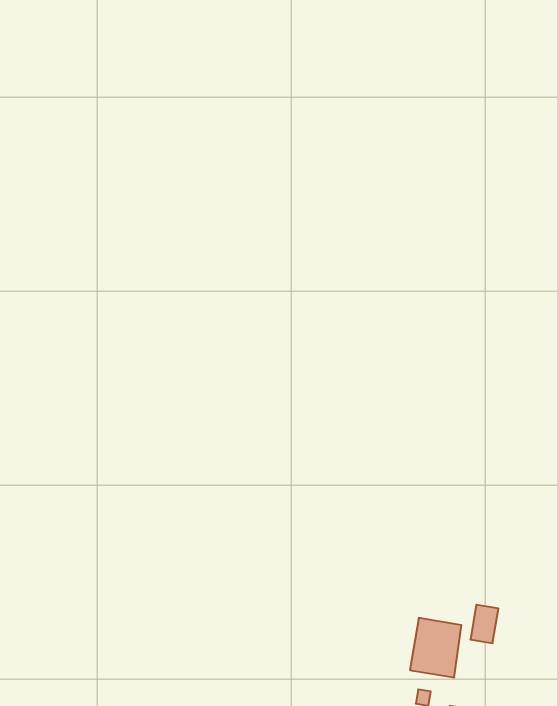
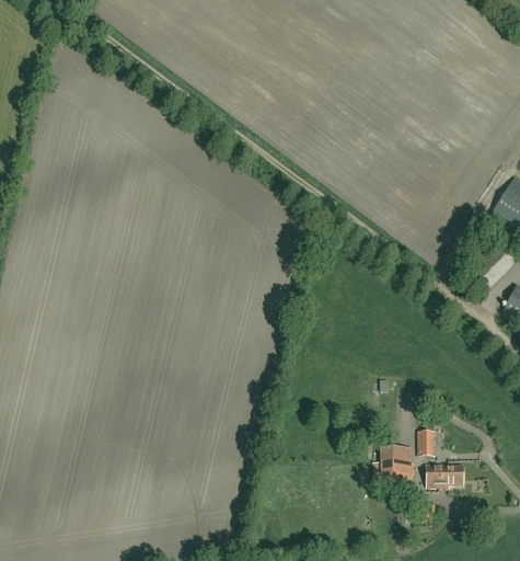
building: none -> [427,463,464,486]

